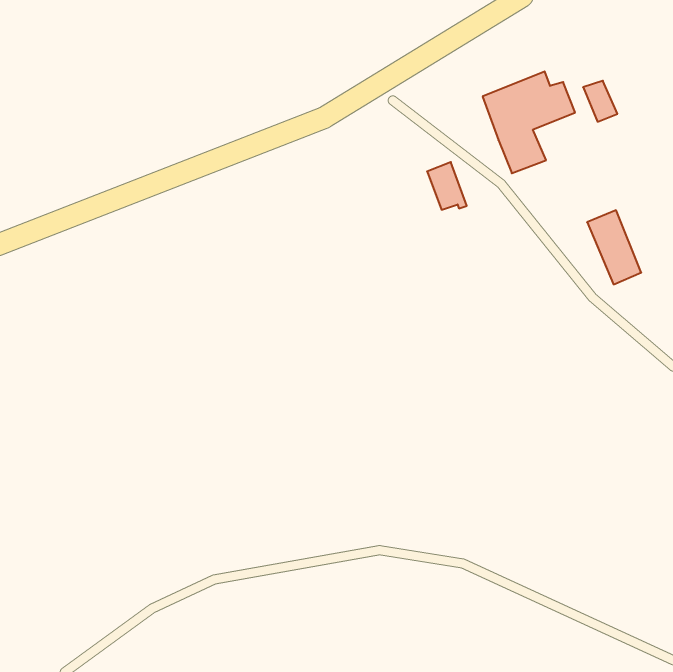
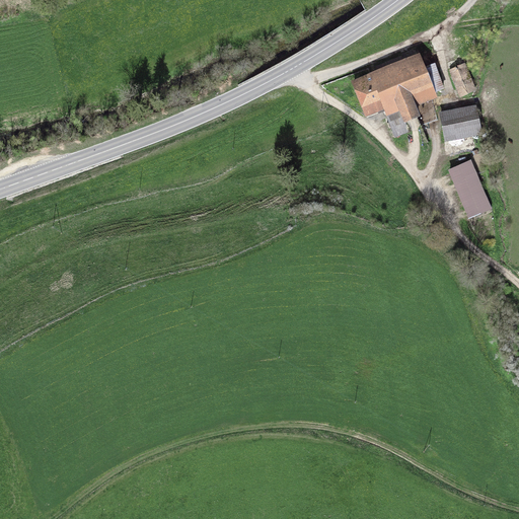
building: none -> [439,105,478,137]
building: [427,162,467,210] -> [352,74,382,110]

